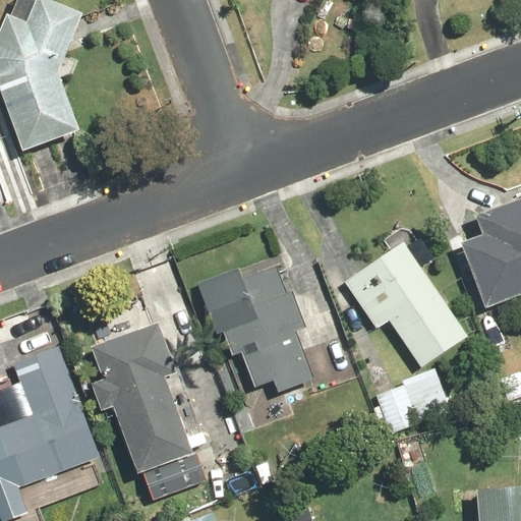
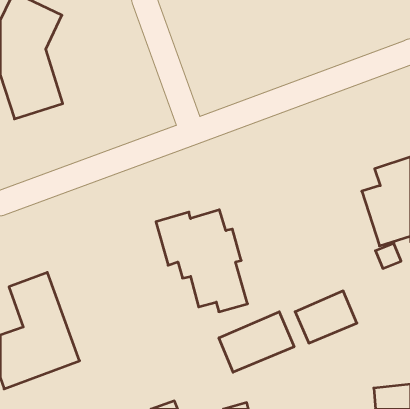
building: [341,239,468,367] -> none
building: [89,323,204,499] -> none
building: none -> [219,312,294,372]

